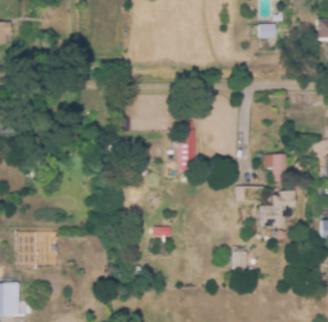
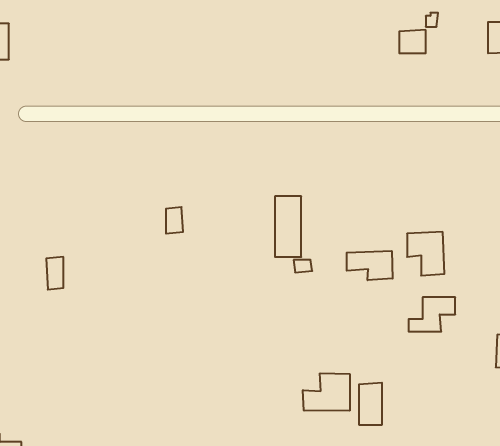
building: none -> [347,251,393,280]
building: none -> [303,373,350,411]

